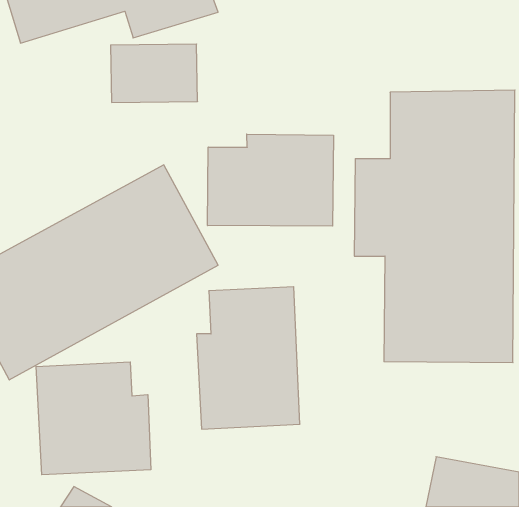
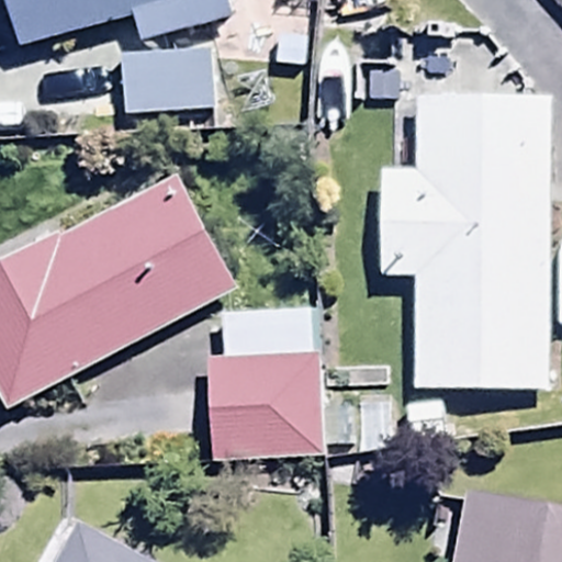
building: [208,134,333,226] -> none
building: [36,362,151,475] -> none

